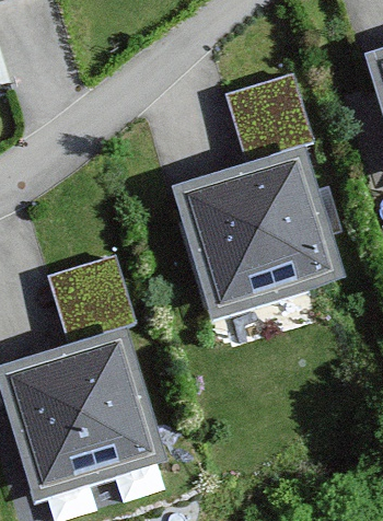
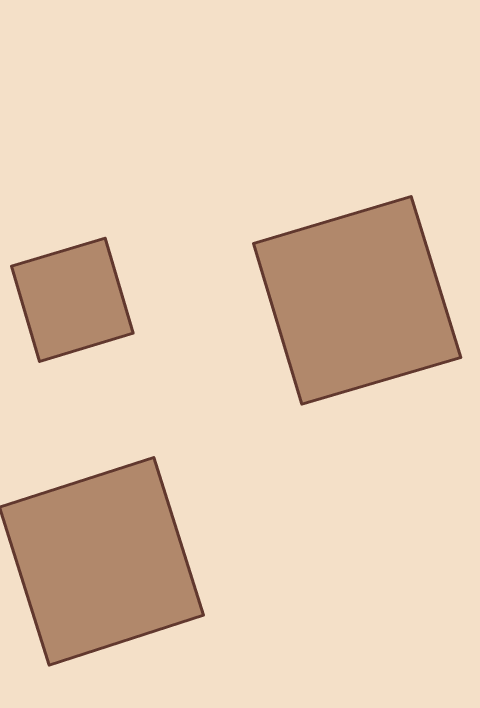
building: [228,80,312,163] -> none
building: [49,259,135,346] -> [11,238,133,361]

